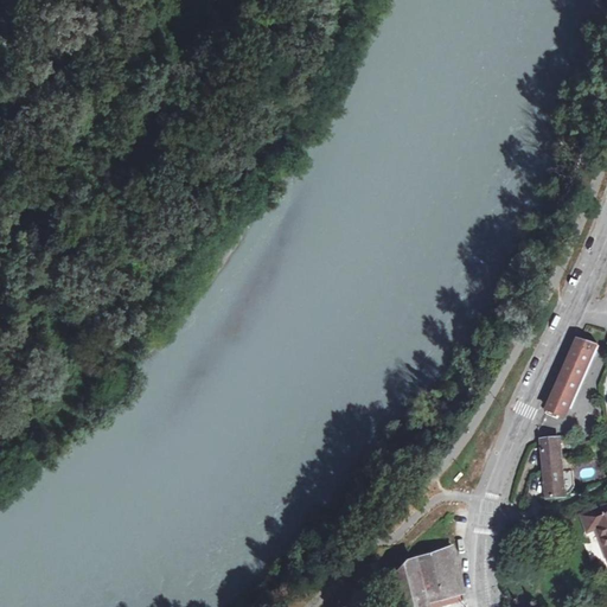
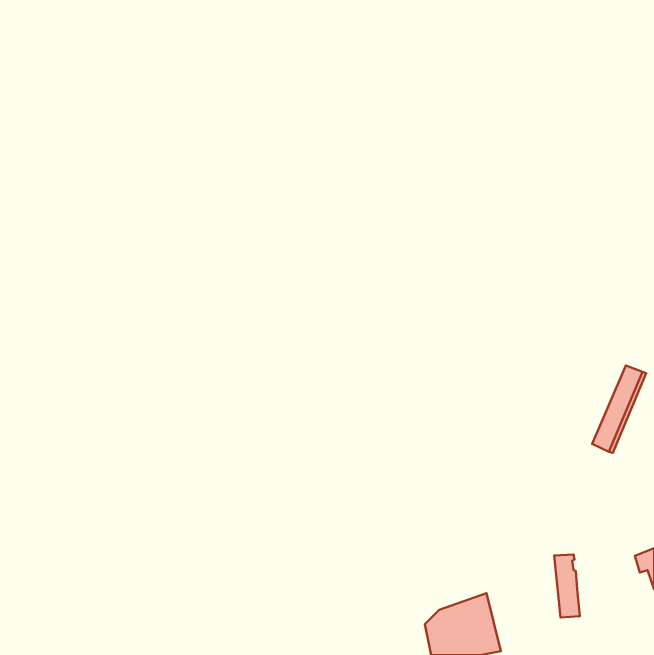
building: [542,437,566,496] -> [554,554,580,617]

